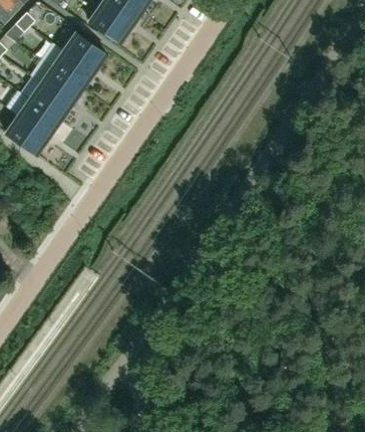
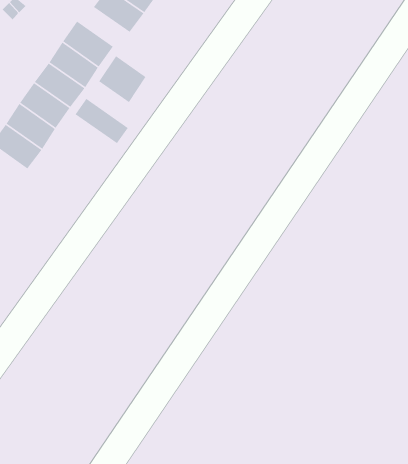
building: none -> [98,55,147,103]
building: none -> [75,98,129,144]

